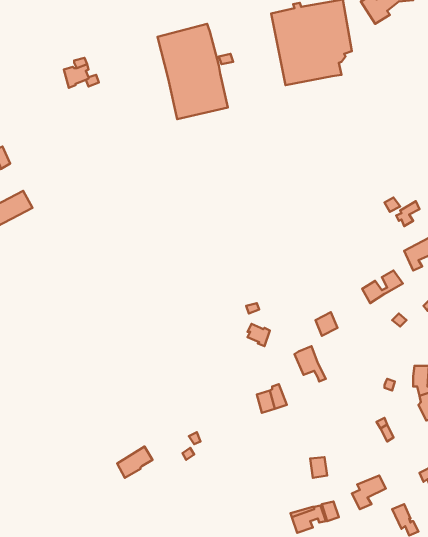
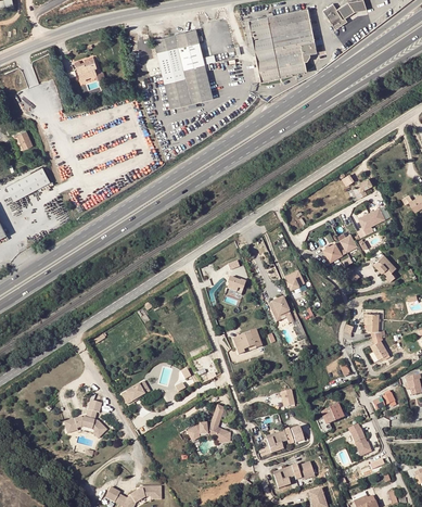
building: none -> [64,402,107,440]
building: none -> [186,405,231,442]

